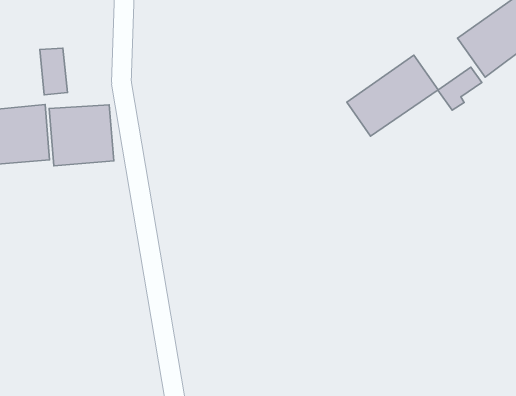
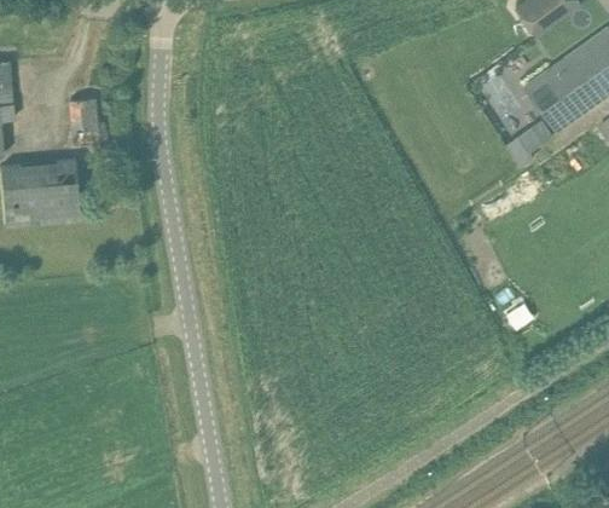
building: [347,55,438,136] -> none
building: [49,105,114,166] -> none

